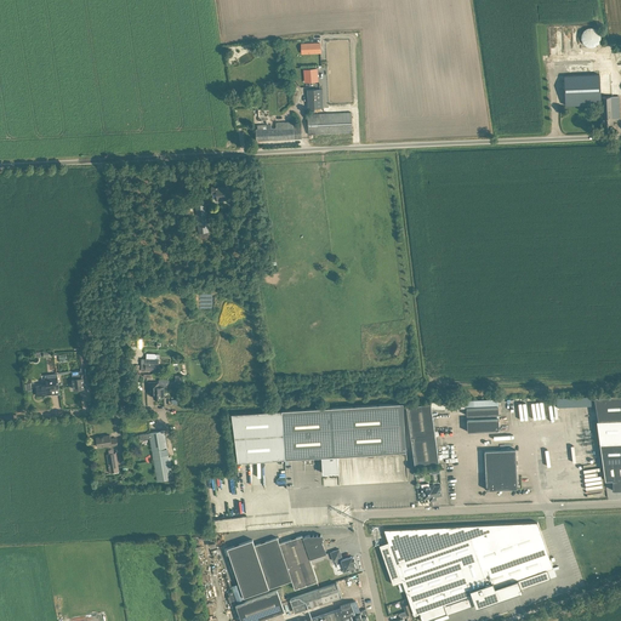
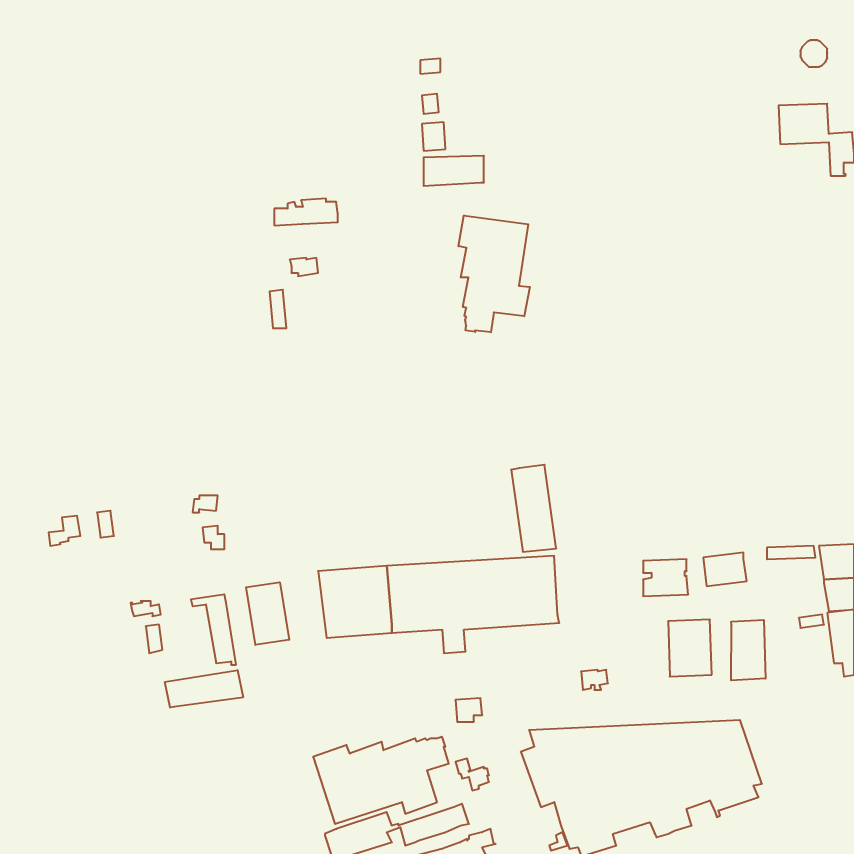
building: [255,123,301,142] -> [274,199,338,225]
building: none -> [458,215,530,332]
building: [405,404,438,467] -> [511,465,556,552]
building: none -> [246,582,289,645]
building: none -> [731,620,766,680]
building: none -> [165,670,243,708]

